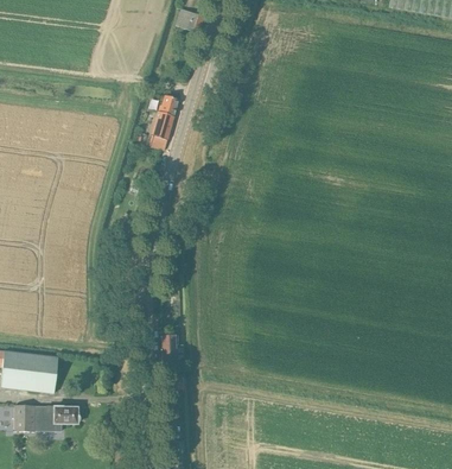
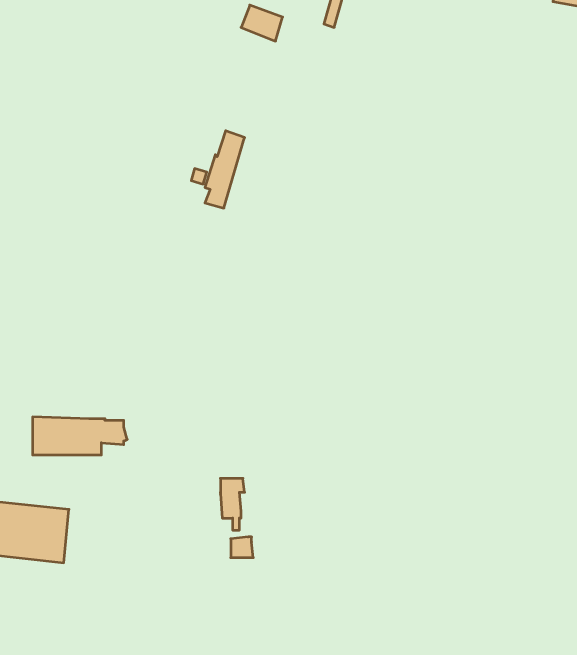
building: [15,405,81,431] -> [33,417,127,455]

